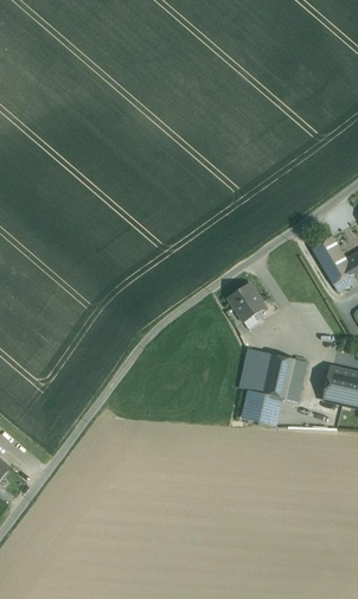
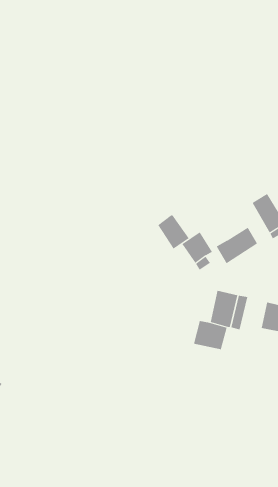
building: none -> [157,214,190,249]
building: none -> [216,227,258,264]
building: [238,349,269,393] -> none

